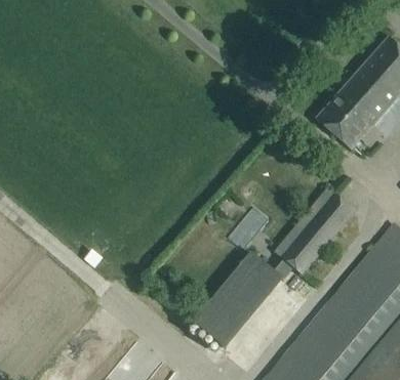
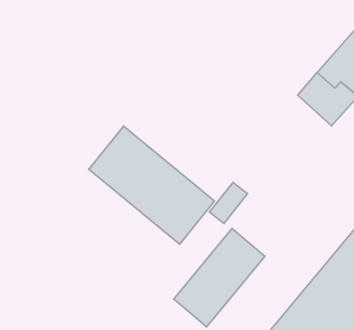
building: none -> [89,126,214,244]
building: [283,191,352,268] -> none

